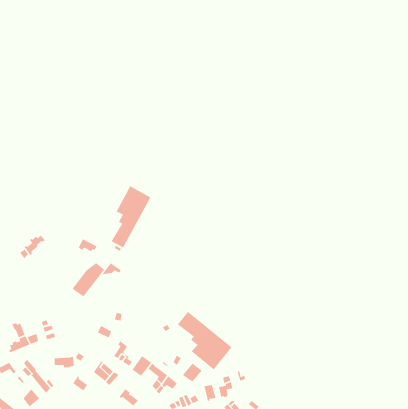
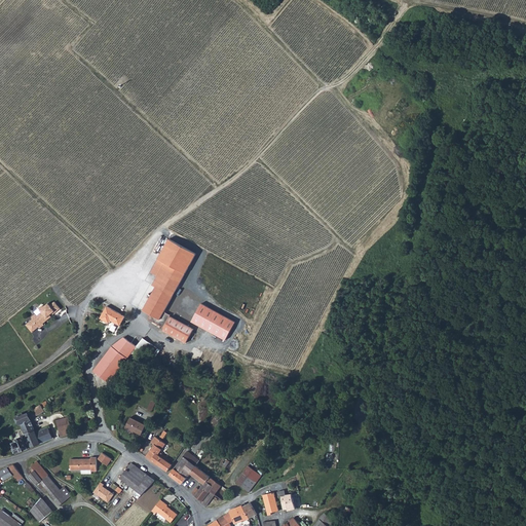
building: none -> [191,305,233,340]
building: none -> [162,317,191,343]
building: [177,311,233,370] -> none

